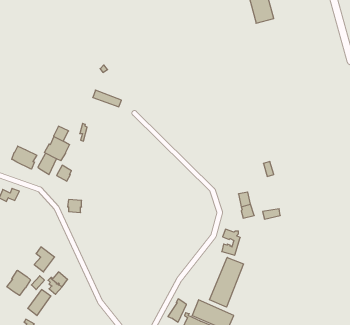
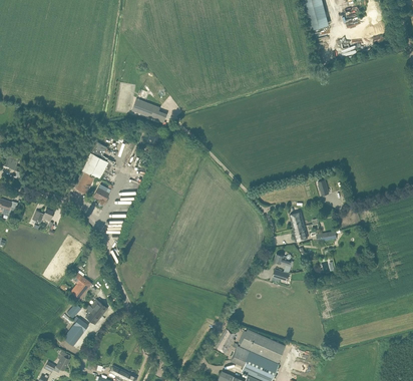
building: [12,146,37,169] -> none
building: [209,257,244,307] -> none
building: [7,270,30,295] -> none

